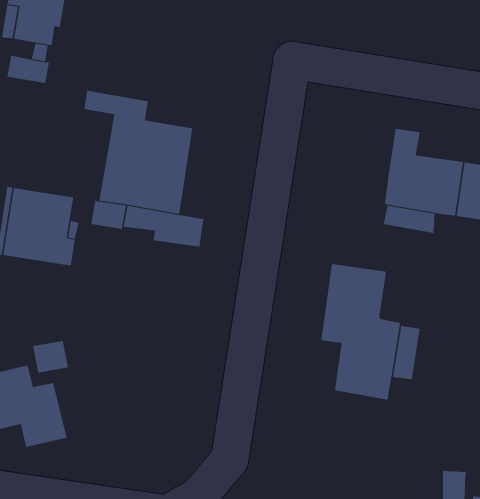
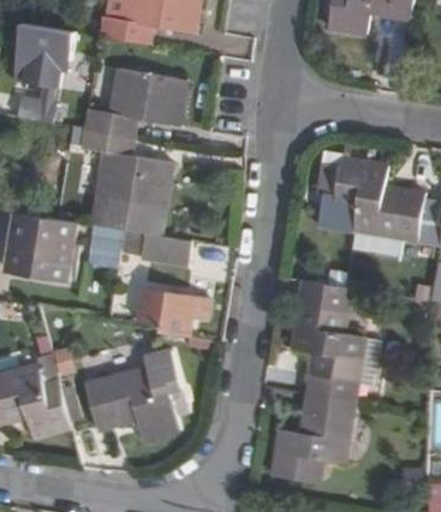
building: none -> [87,67,195,137]
building: none -> [316,157,360,209]
building: none -> [136,281,209,331]
building: none -> [88,365,183,456]
building: none -> [273,394,354,486]

